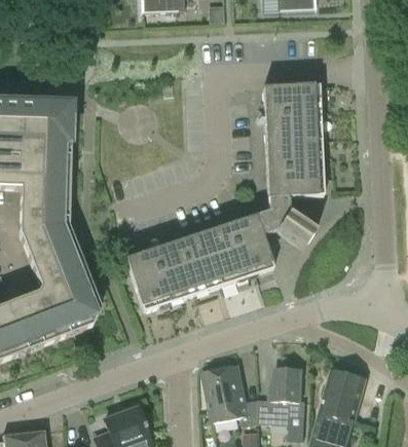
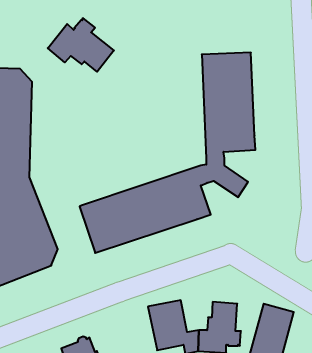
building: none -> [48,18,114,72]

